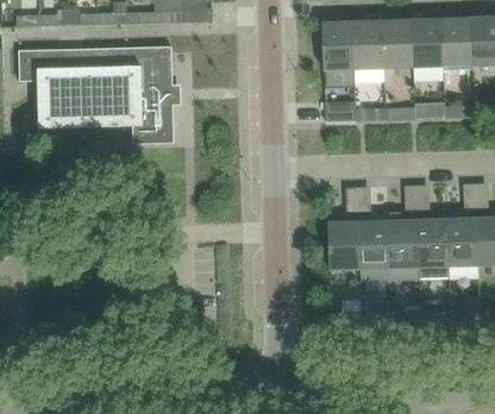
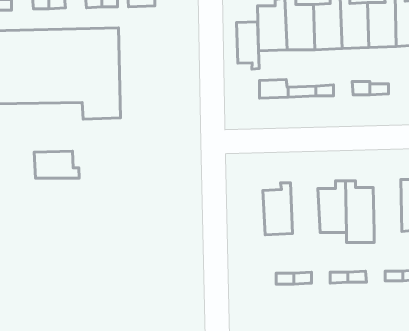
building: none -> [237,22,259,69]
building: none -> [34,151,79,178]
building: [447,211,478,266] -> none
building: [358,213,390,269] -> none

